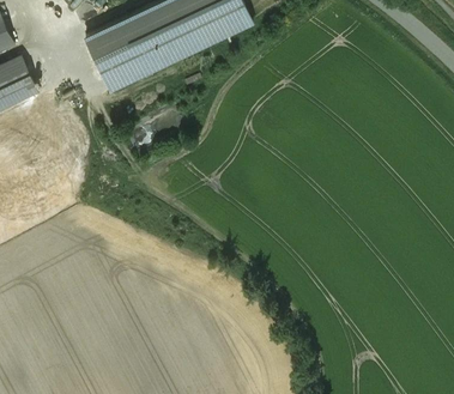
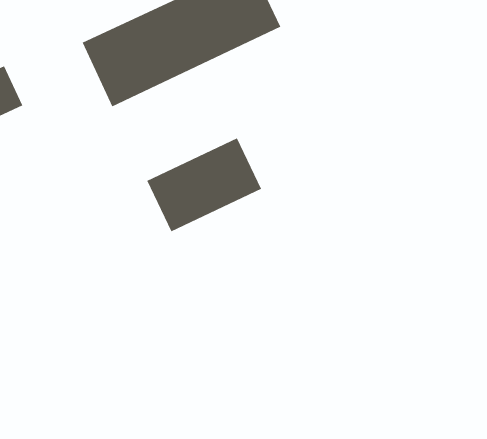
building: none -> [146,137,262,232]

